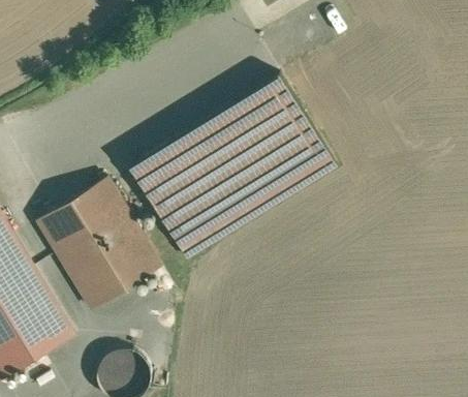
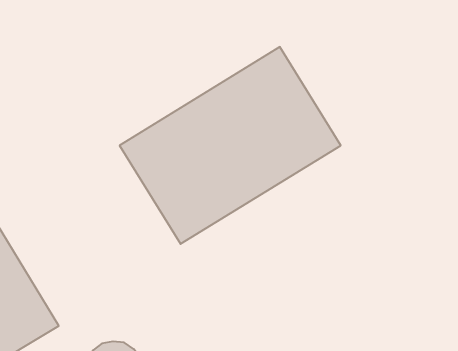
building: [37,179,161,309] -> none

